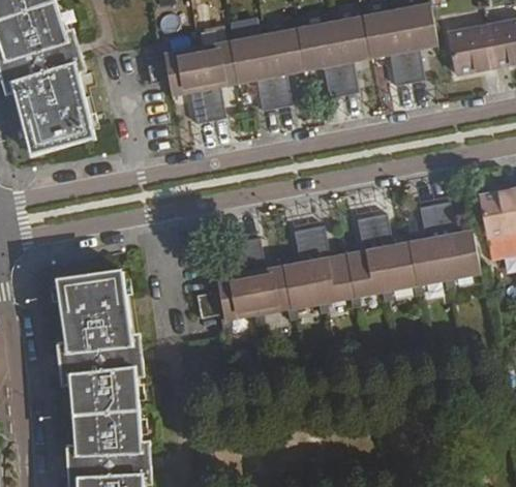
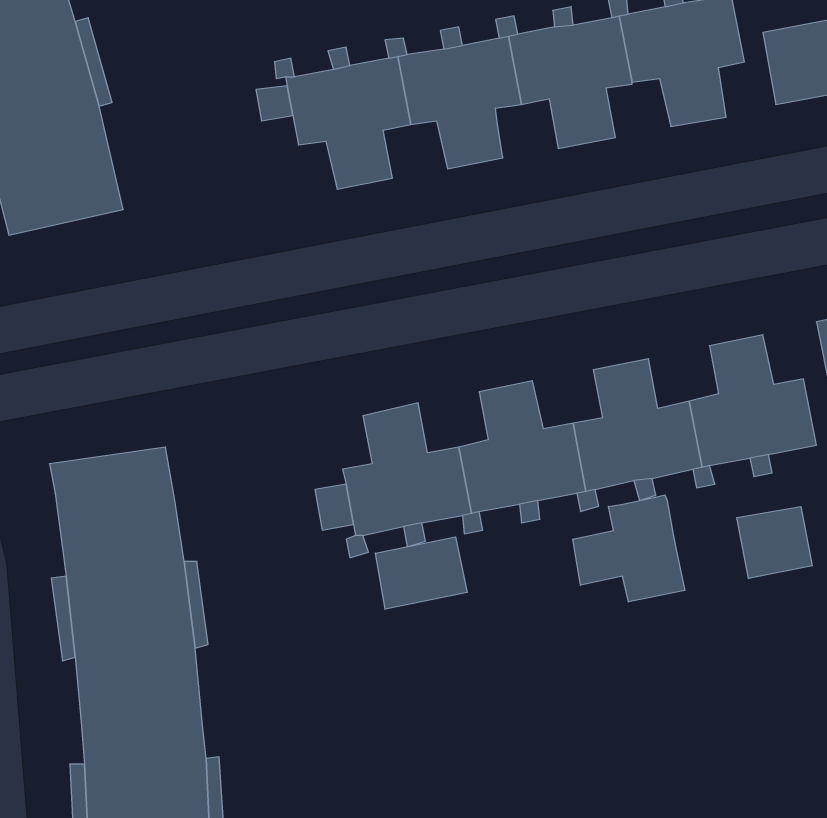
building: none -> [573,495,685,602]
building: none -> [737,507,812,579]
building: none -> [375,537,467,609]

